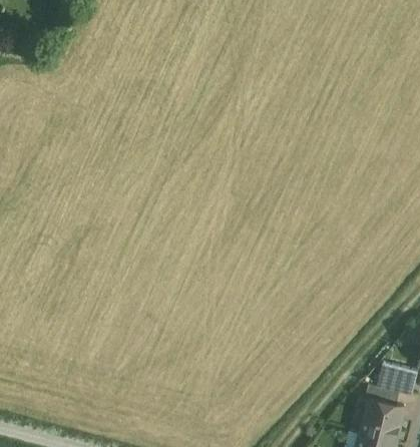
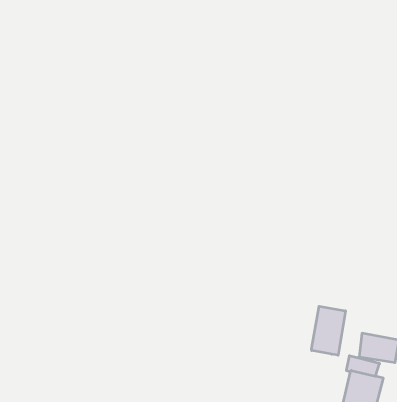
building: none -> [311,306,345,355]

